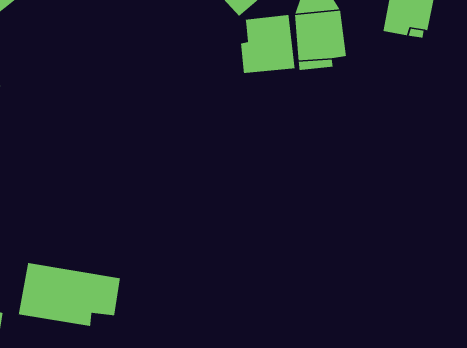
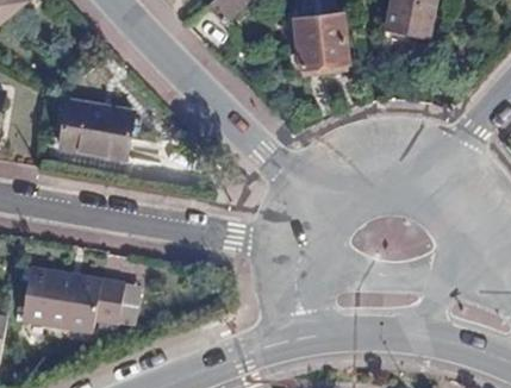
building: [240,14,296,74] -> none
building: none -> [60,99,133,159]

